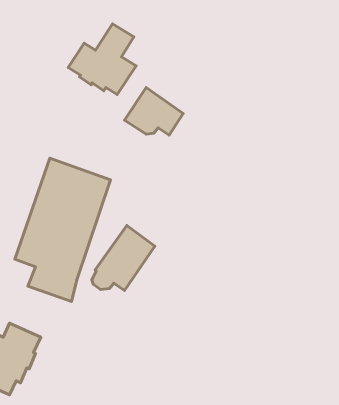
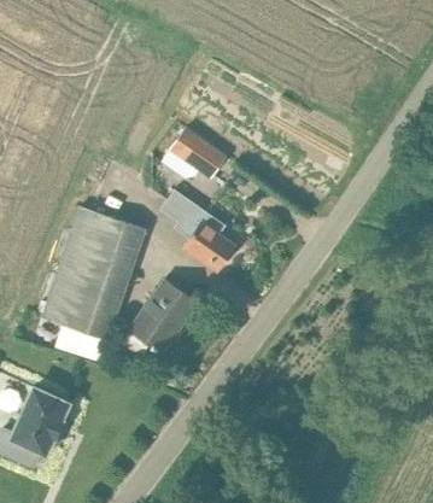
building: [68,24,136,95] -> none
building: none -> [159,188,236,271]

